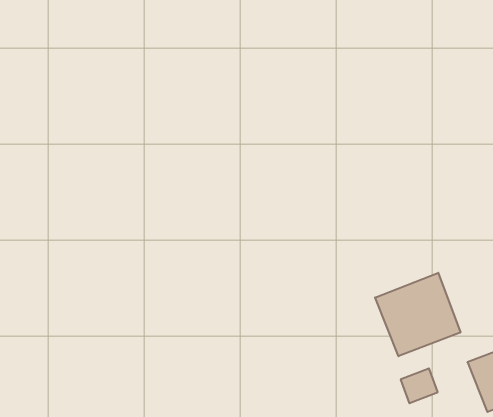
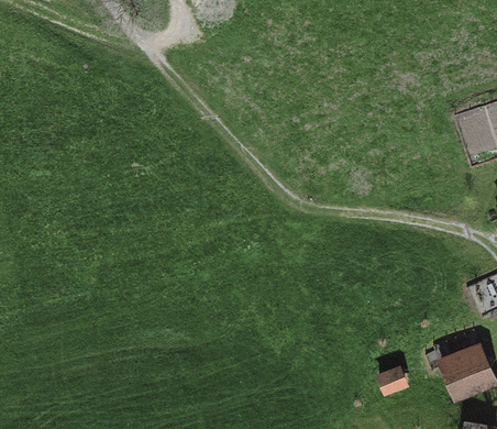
building: [375,273,460,356] -> none

